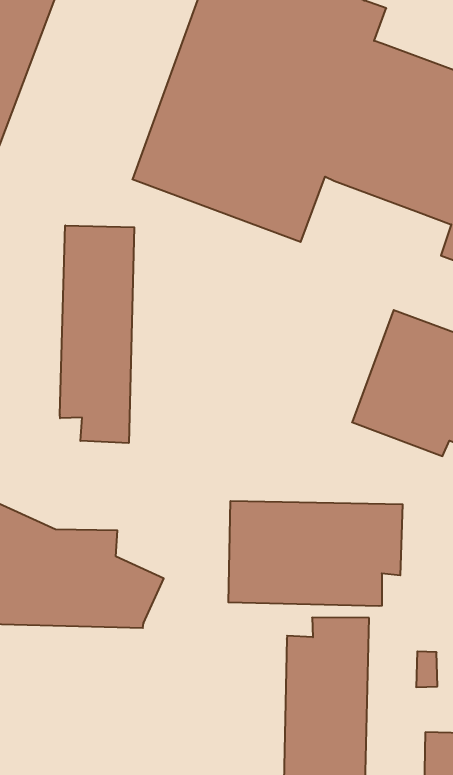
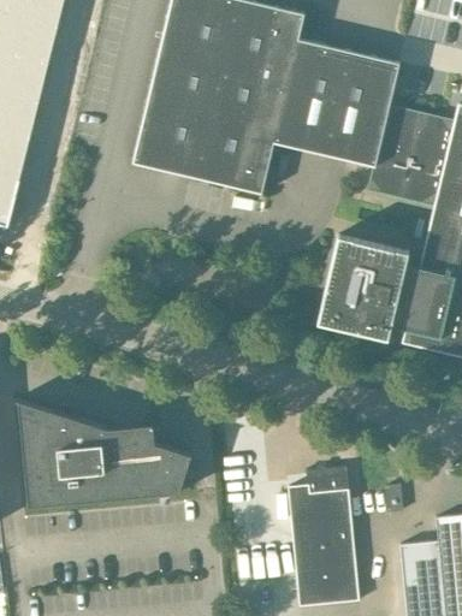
building: [60,225,134,443] -> none
building: [228,501,403,606] -> none

